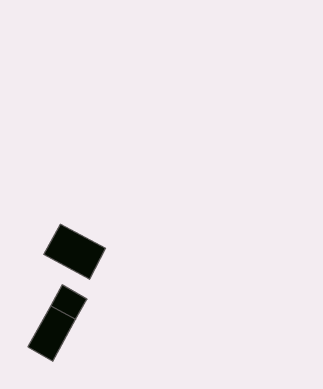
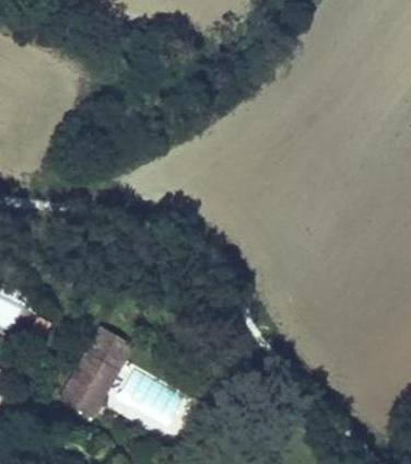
building: [44,224,105,279] -> none

